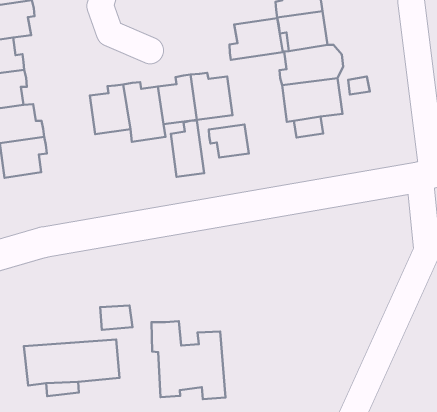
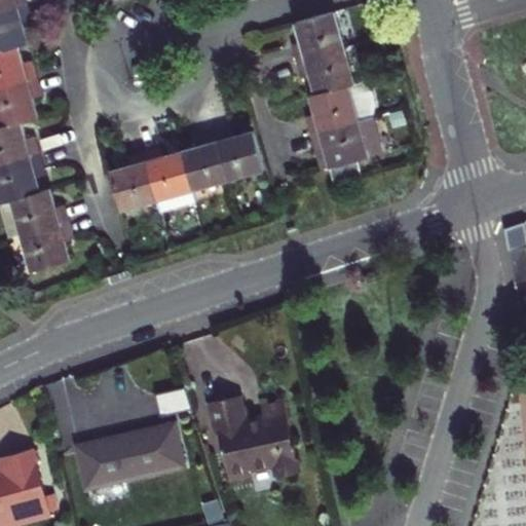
building: [229,18,283,60] -> none
building: [171,121,204,177] -> none
building: [209,124,249,157] -> none

